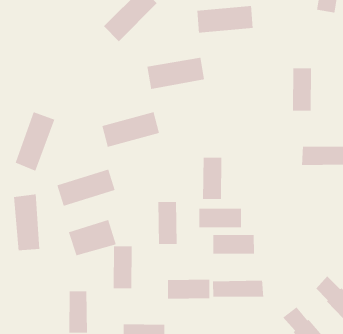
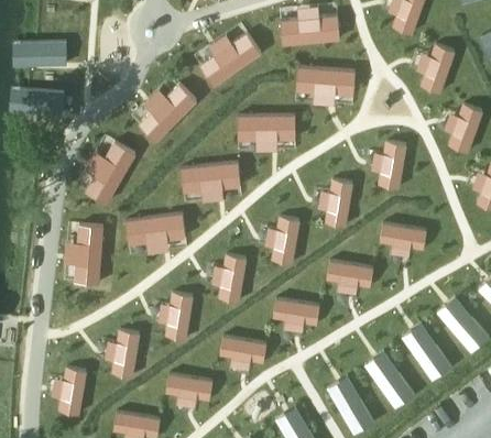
building: none -> [140,84,196,141]
building: none -> [326,178,352,226]
building: [199,208,242,228] -> [326,260,373,287]
building: [68,219,116,256] -> none
building: [213,280,264,298] -> none

